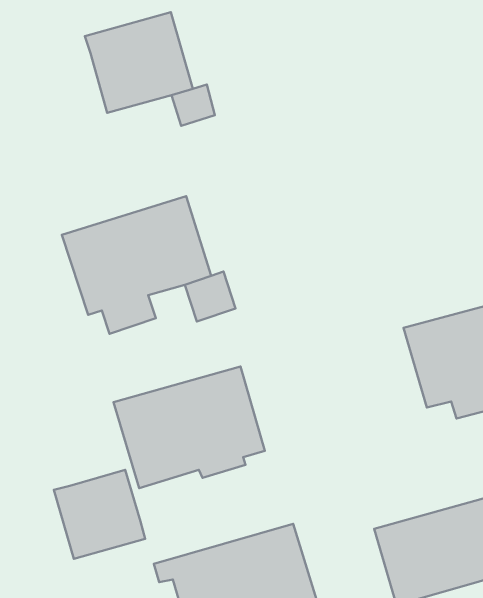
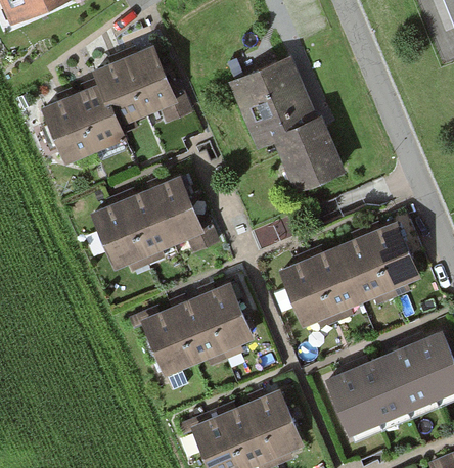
building: none -> [232,57,349,191]
building: none -> [43,81,121,158]
building: none -> [280,245,358,326]
building: [54,470,145,559] -> none

